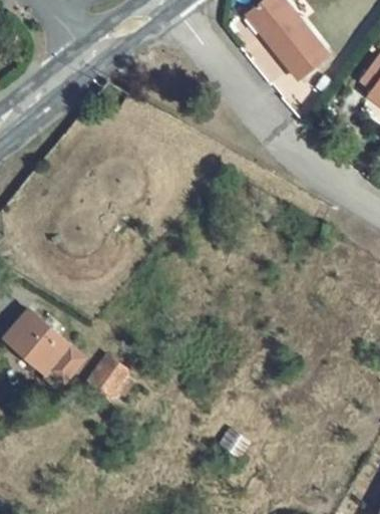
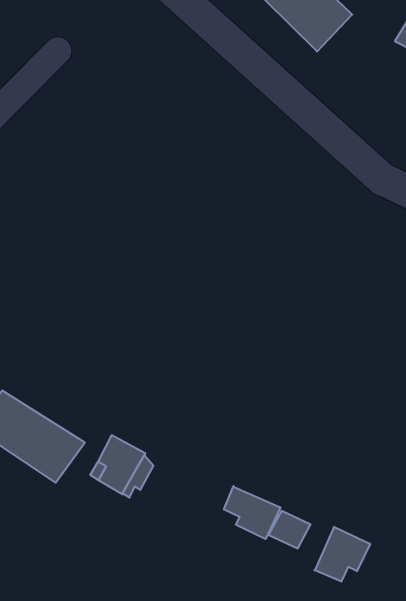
building: none -> [224,486,280,539]
building: none -> [314,527,370,582]

